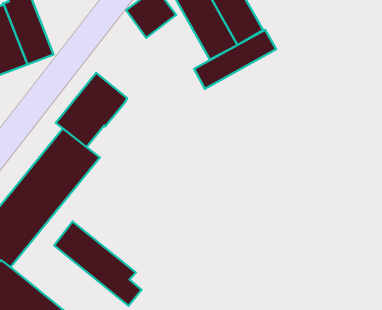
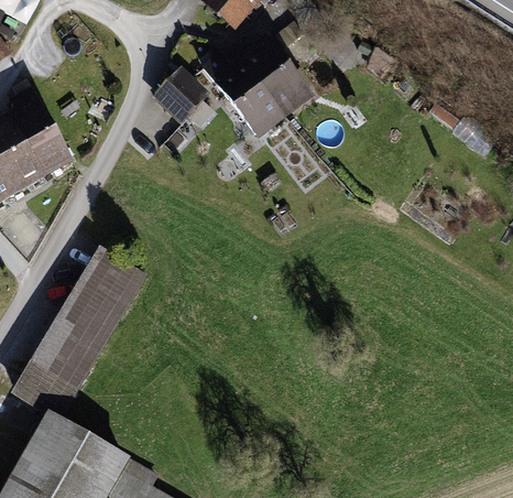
building: [194,30,276,89] -> none
building: [56,73,127,147] -> none
building: [54,221,141,306] -> none

